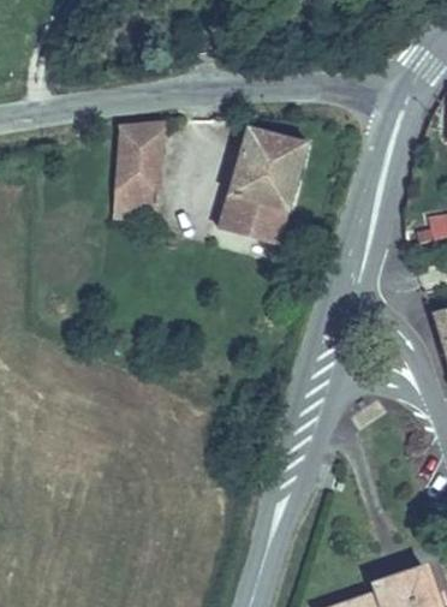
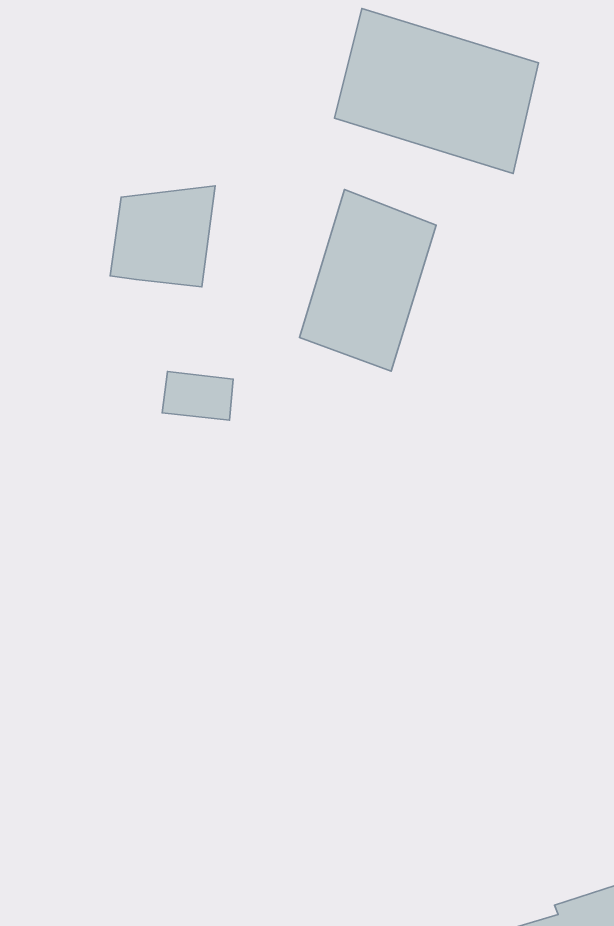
building: none -> [335,8,538,174]
building: [113,183,159,214] -> [162,372,233,420]

